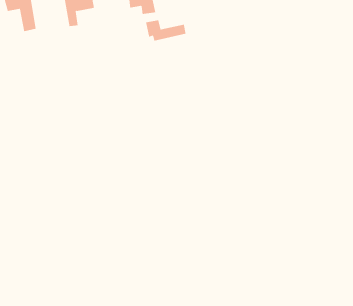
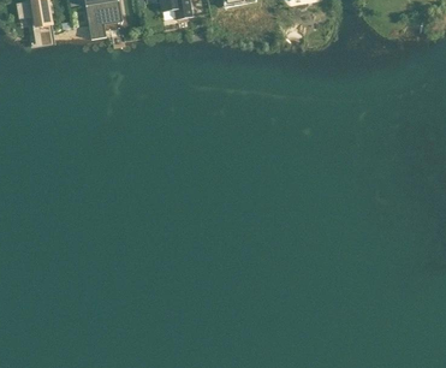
building: [145,20,186,42] -> none

